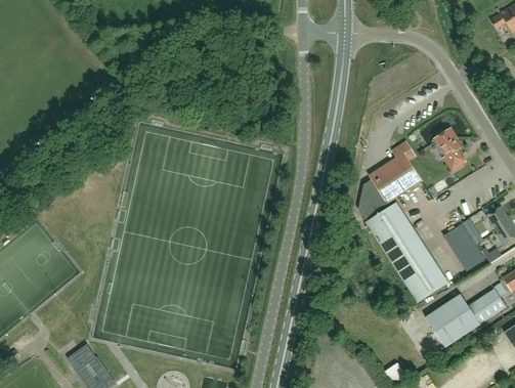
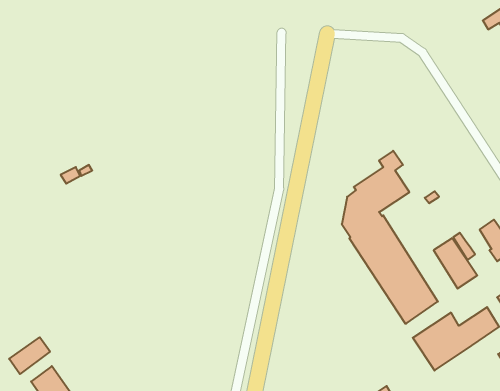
building: [435,128,466,170] -> none
building: none -> [9,337,50,374]

